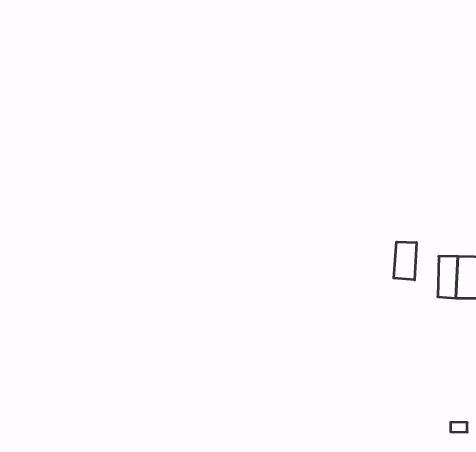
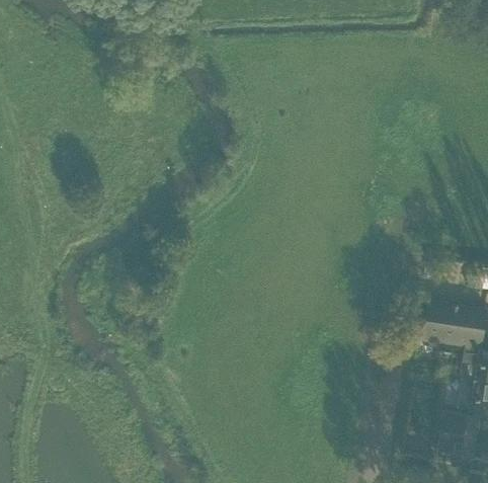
building: [394,242,416,280] -> none

